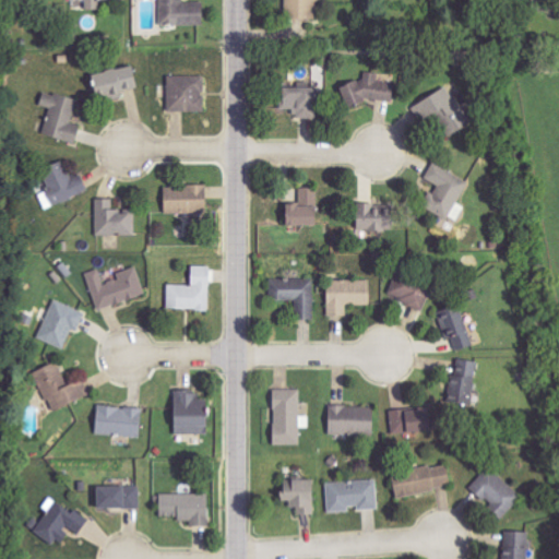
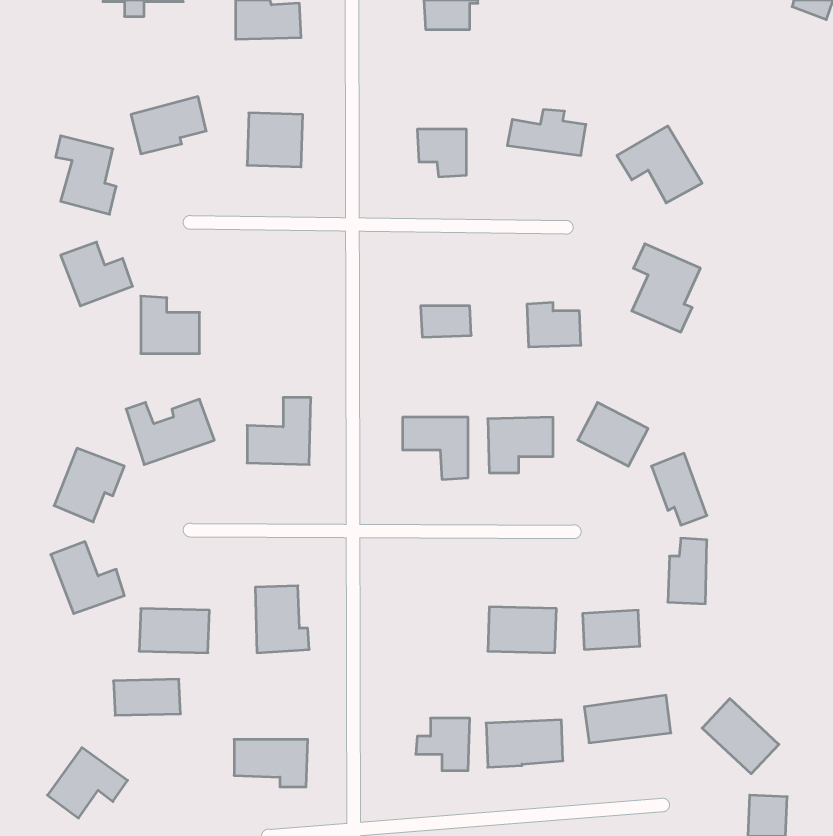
building: [160,185,204,213] -> none
building: [270,389,299,445] -> none
building: [93,485,138,509] -> [113,679,181,715]

